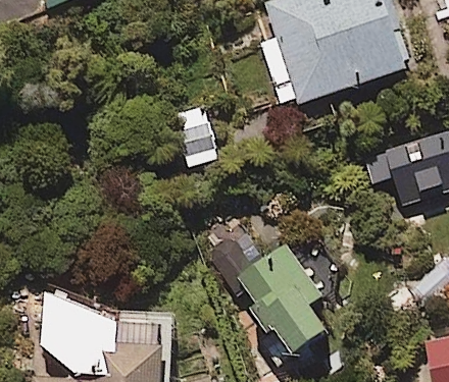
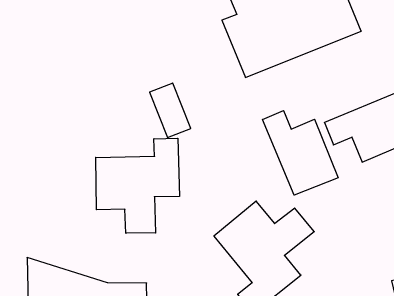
building: none -> [263,111,338,195]
building: none -> [96,138,179,233]

